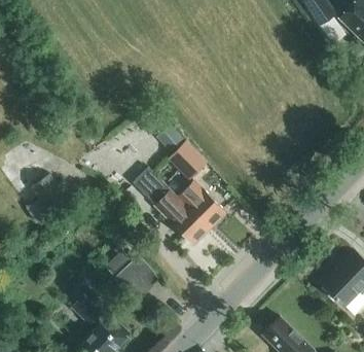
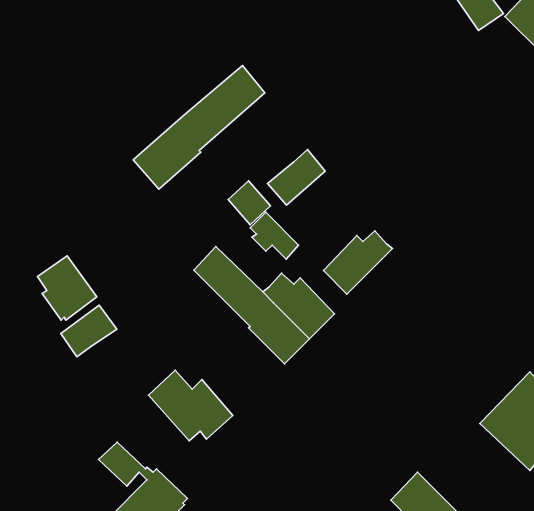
building: none -> [133,65,265,189]
building: none -> [268,150,325,205]
building: none -> [323,231,393,294]
building: none -> [61,305,117,357]

